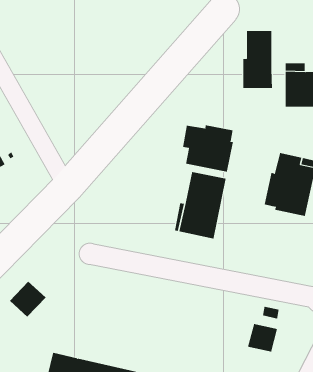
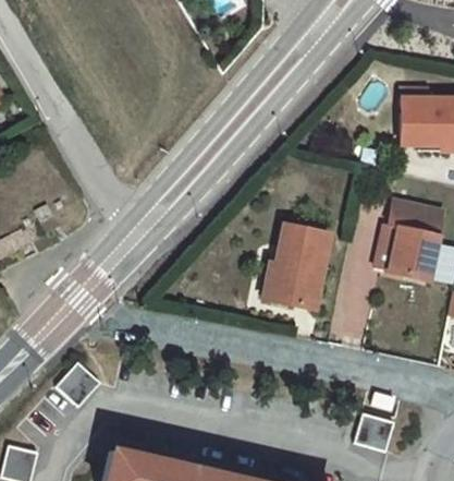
building: [243,30,273,89] -> none
building: [182,124,233,173] -> none

